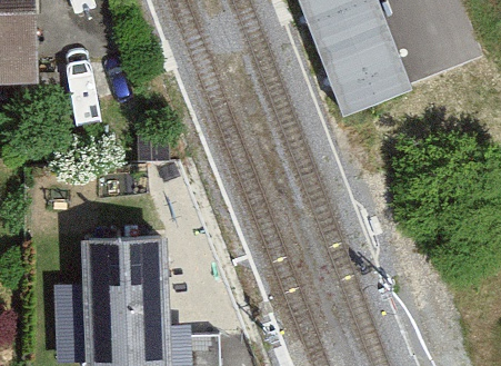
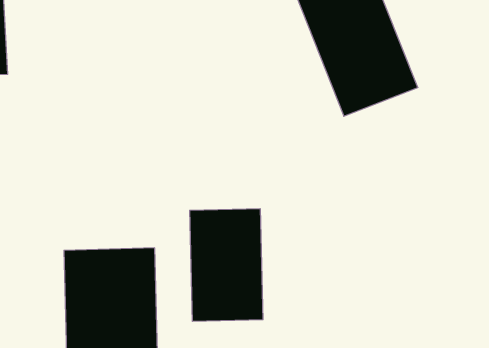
building: none -> [190,209,263,321]

